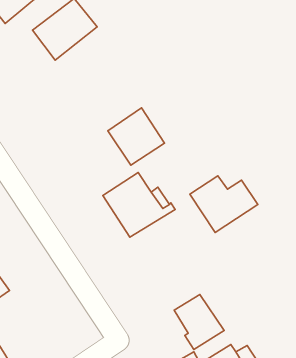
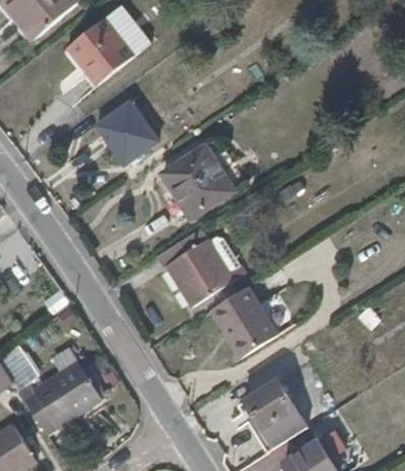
building: none -> [96,103,156,165]
building: [190,176,258,233] -> [210,287,295,358]
building: none -> [33,362,100,428]

